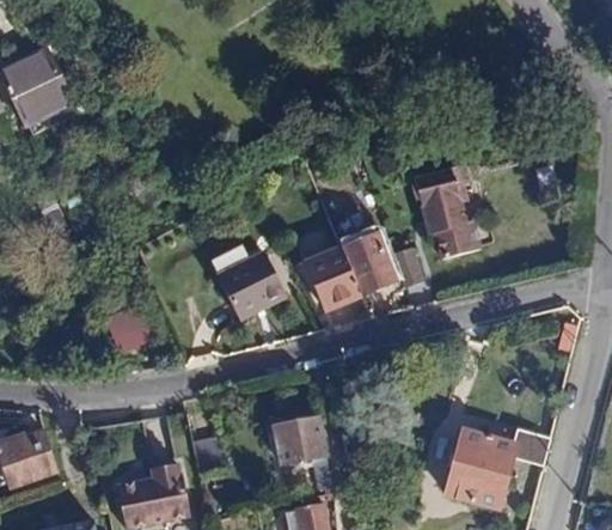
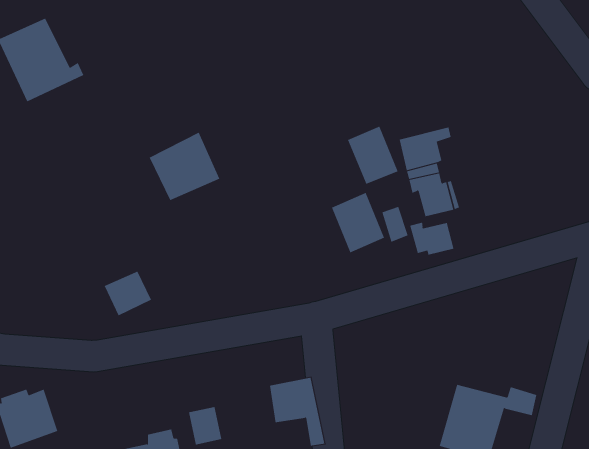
building: [305,243,357,303] -> [347,126,399,184]
building: [213,246,286,317] -> [149,132,220,201]
building: none -> [410,222,454,256]

